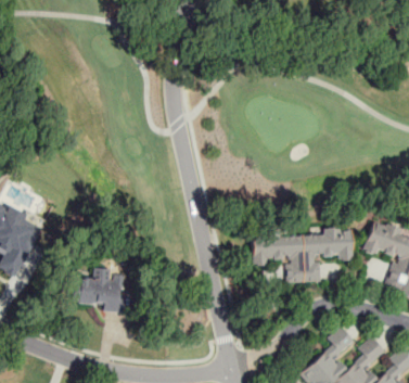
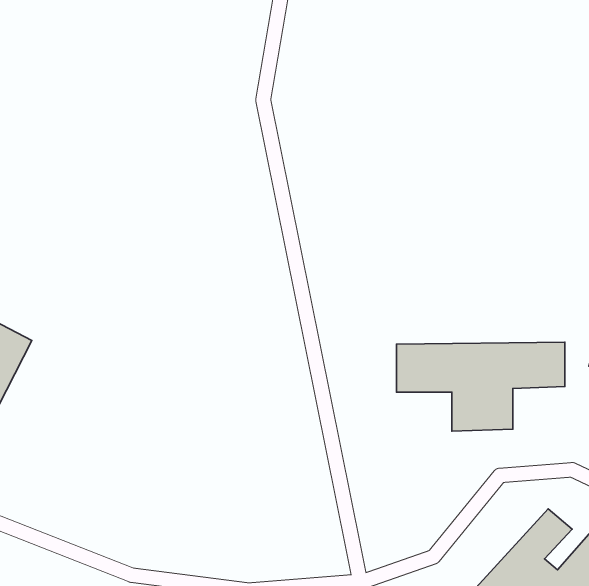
building: [72,267,125,311] -> none

